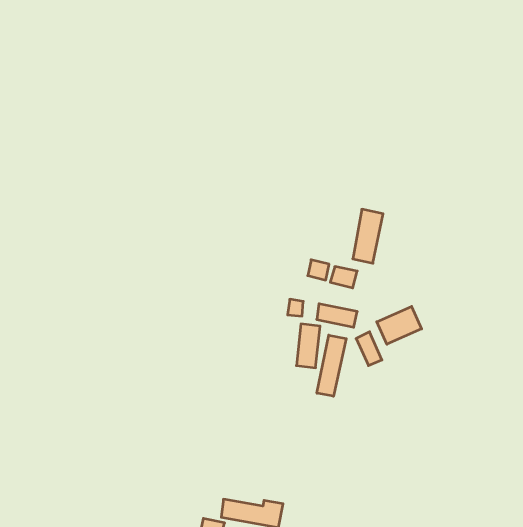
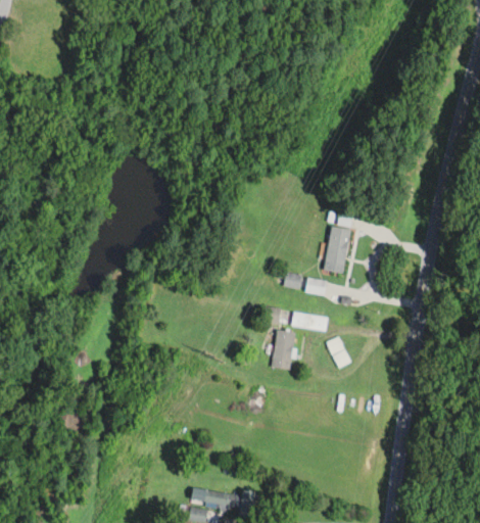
building: [377,306,422,344] -> none
building: [317,335,346,396] -> none

